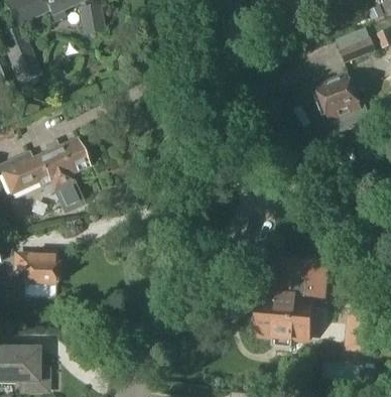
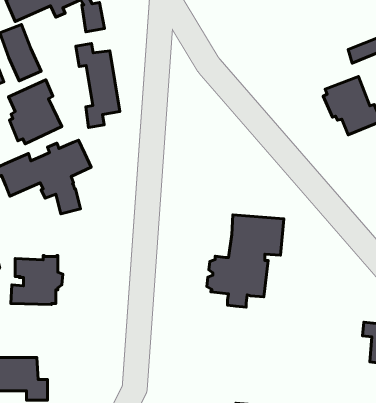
building: none -> [76,43,120,127]
building: none -> [8,80,62,144]
building: [253,259,328,349] -> [207,215,284,307]

